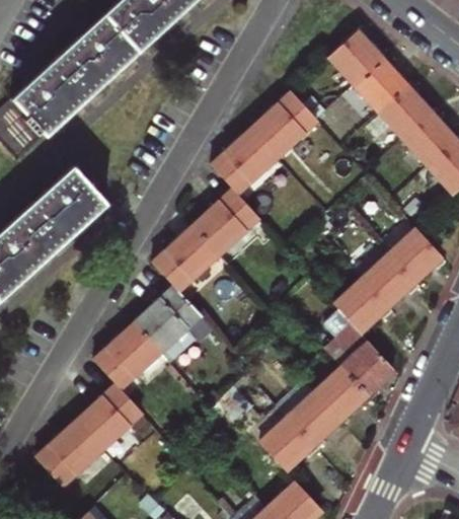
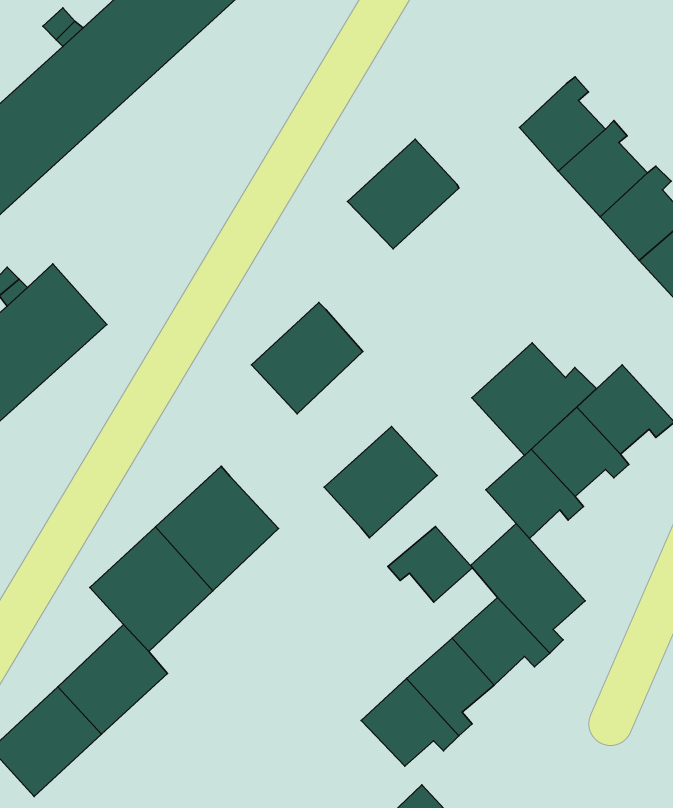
building: [328,26,382,84] -> none
building: [212,129,278,194] -> none
building: none -> [472,343,596,455]
building: [152,227,220,294] -> [324,427,437,538]
building: none -> [388,526,472,602]

